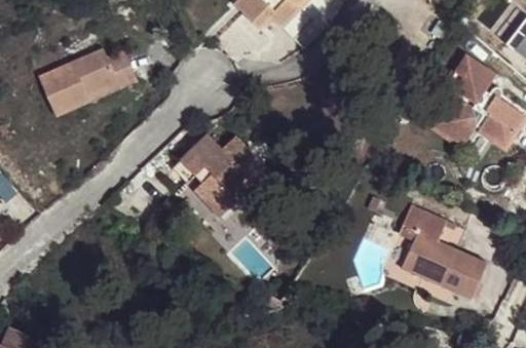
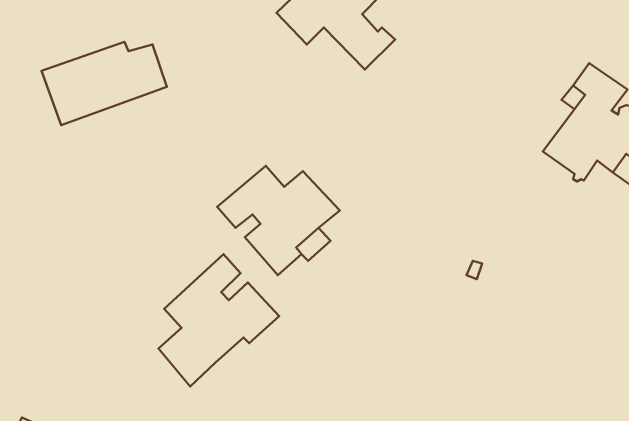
building: none -> [159,254,279,387]
building: [403,215,490,304] -> none

